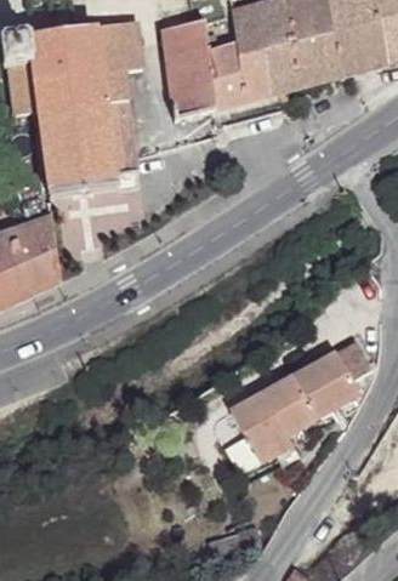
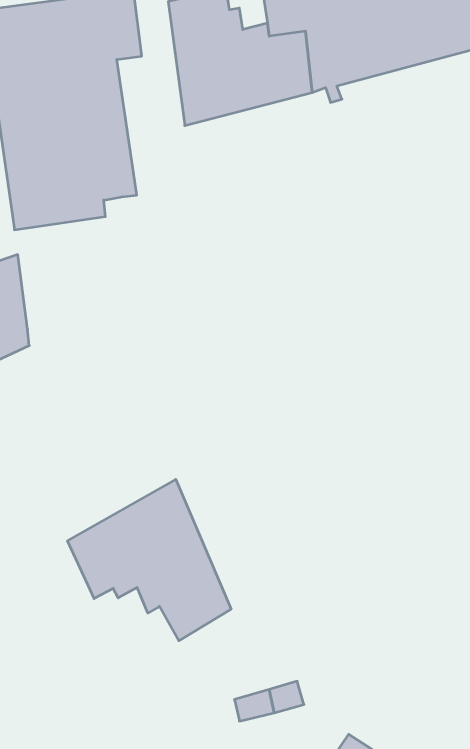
building: [229,338,370,461] -> none
building: none -> [68,479,231,641]

